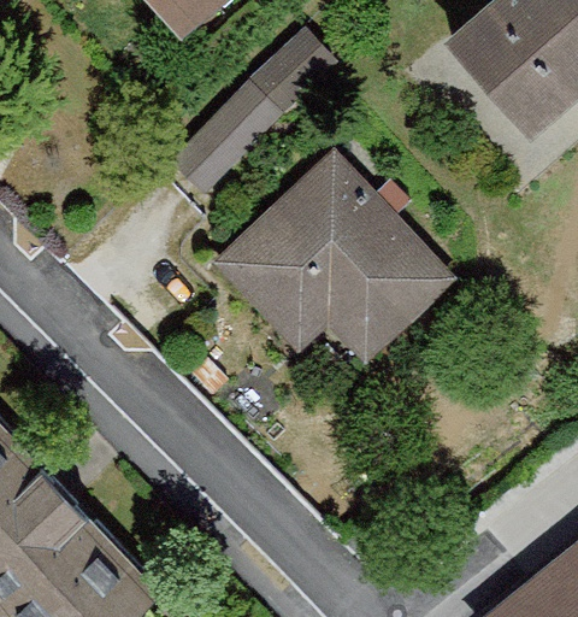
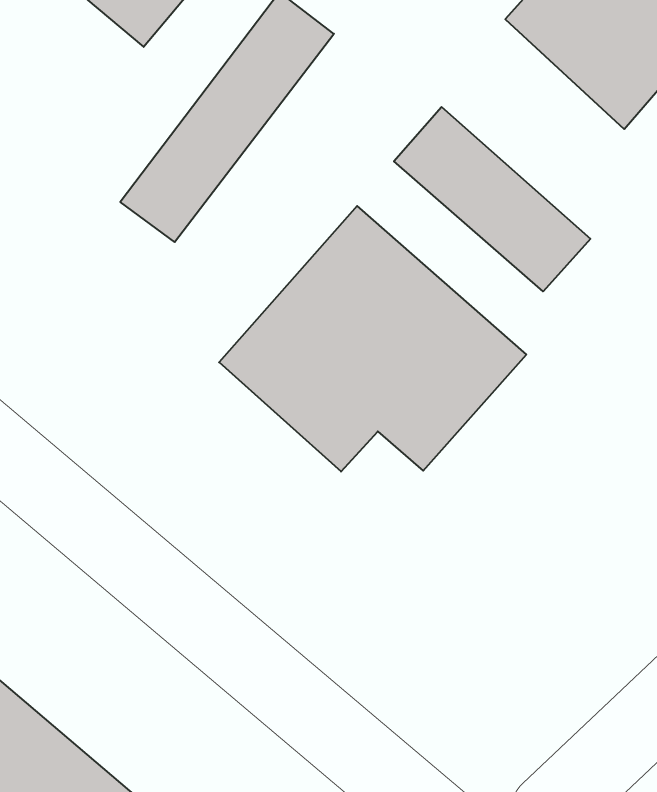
building: none -> [394,107,590,291]

